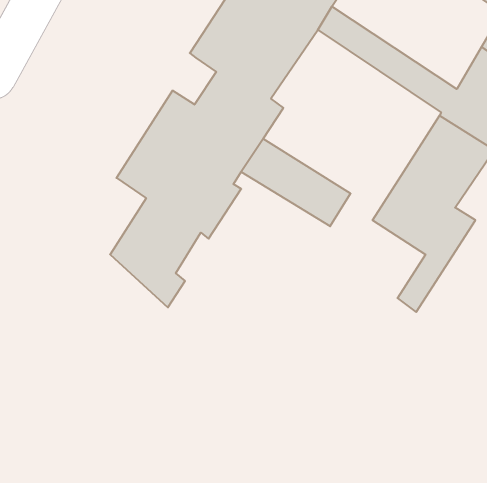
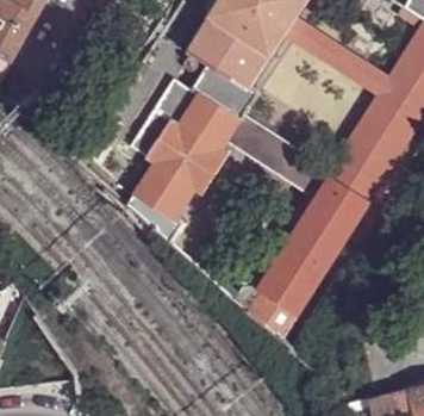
building: none -> [231,178,366,342]

